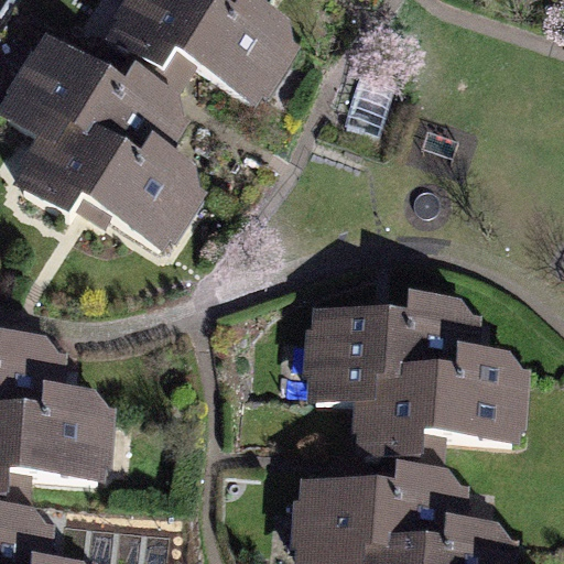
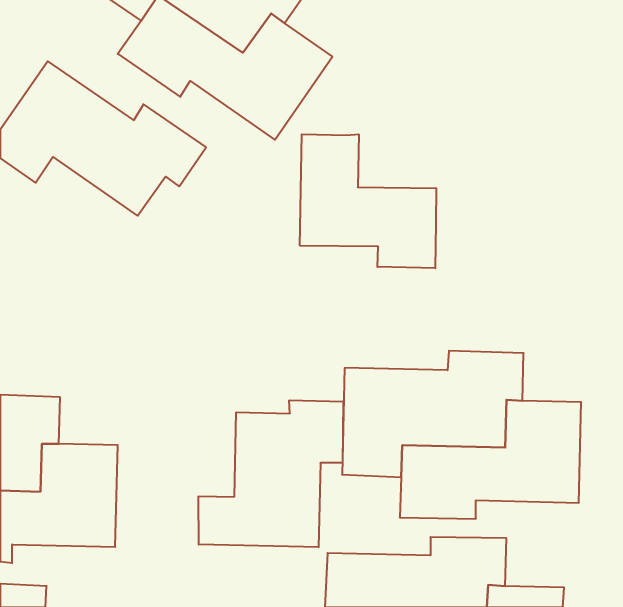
building: none -> [300,134,436,268]
building: [14,141,207,271] -> none
building: none -> [199,400,343,547]

